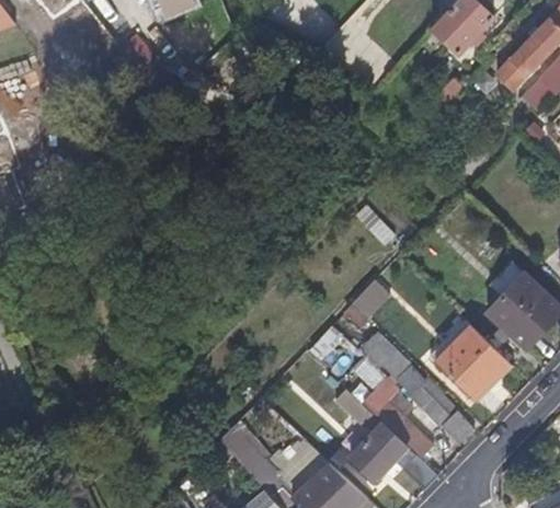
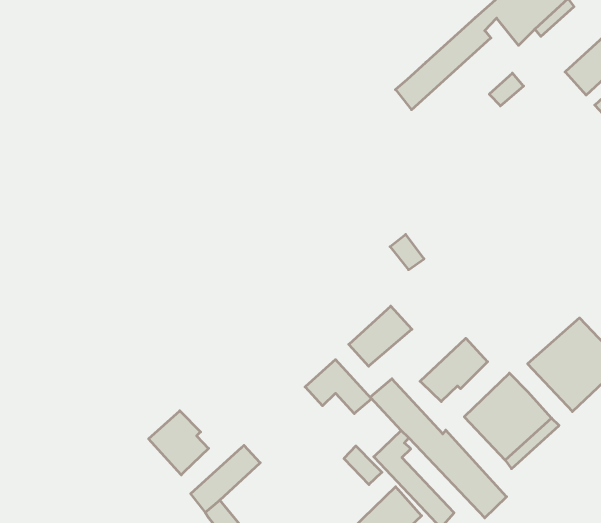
building: none -> [420,338,488,402]
building: none -> [149,411,209,475]

